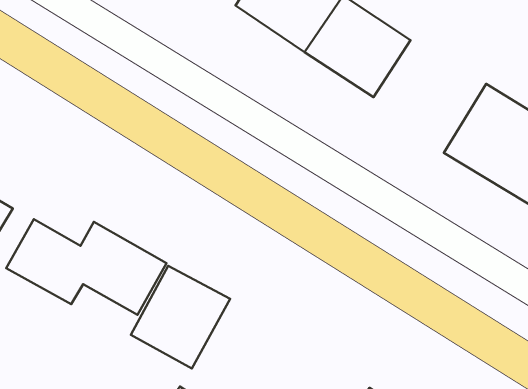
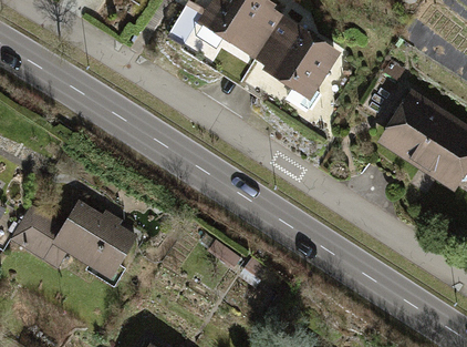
building: [131,266,230,369] -> none

